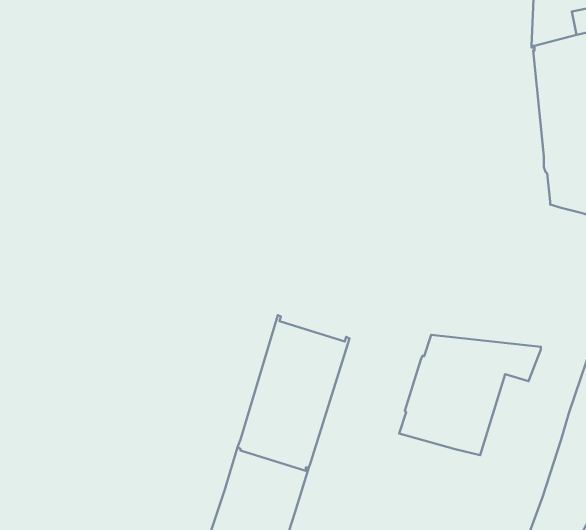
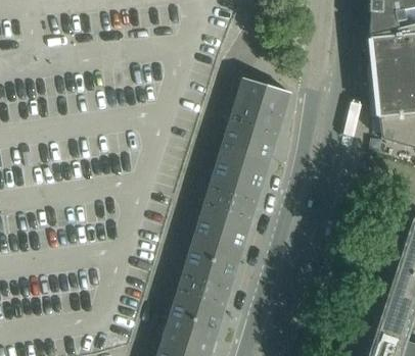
building: none -> [202,78,290,228]
building: [399,335,541,455] -> none

